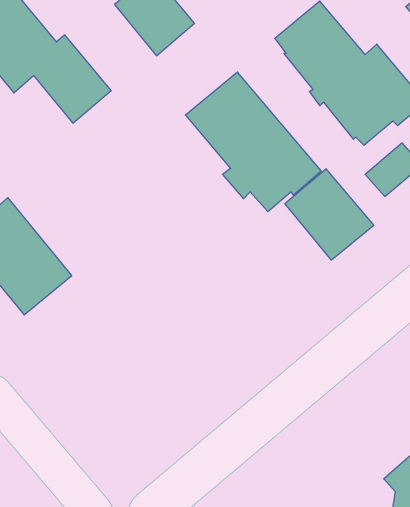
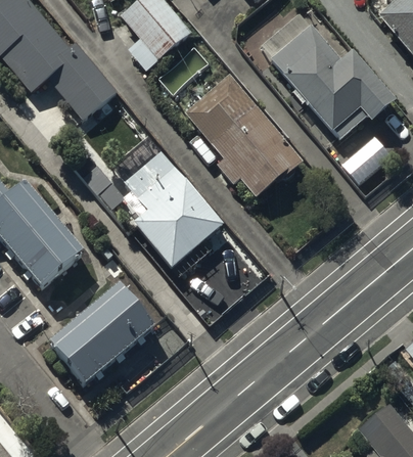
building: none -> [85,134,222,266]
building: [285,169,374,260] -> none
building: none -> [52,284,157,386]

